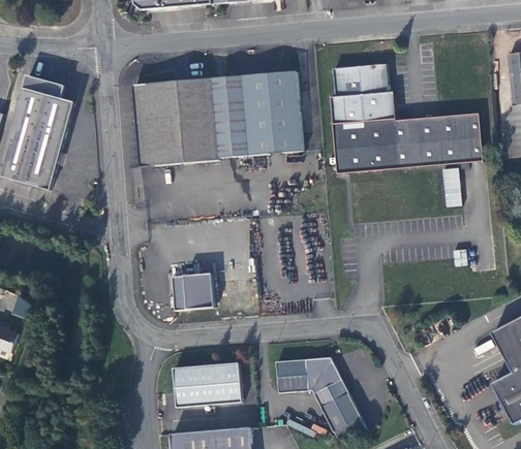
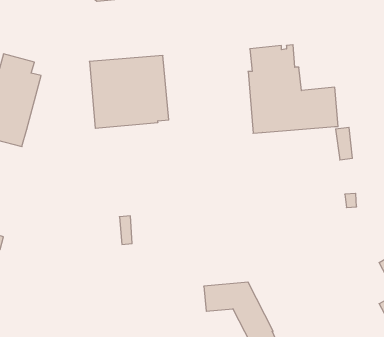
building: [224,70,302,156] -> none
building: [437,113,483,164] -> none
building: [184,272,214,309] -> none
building: [173,362,242,407] -> none

